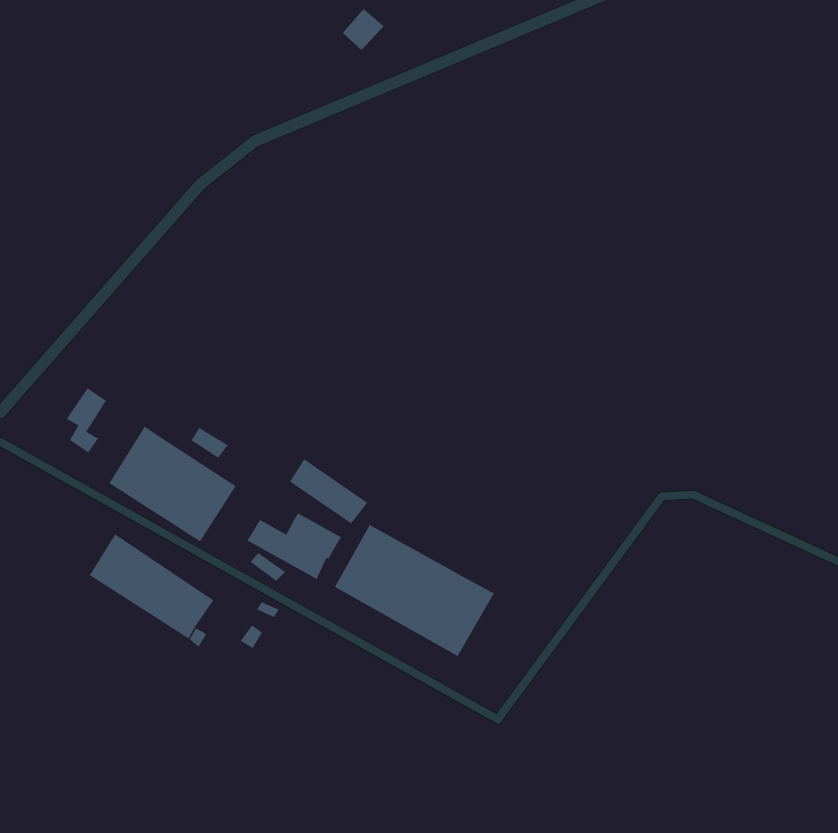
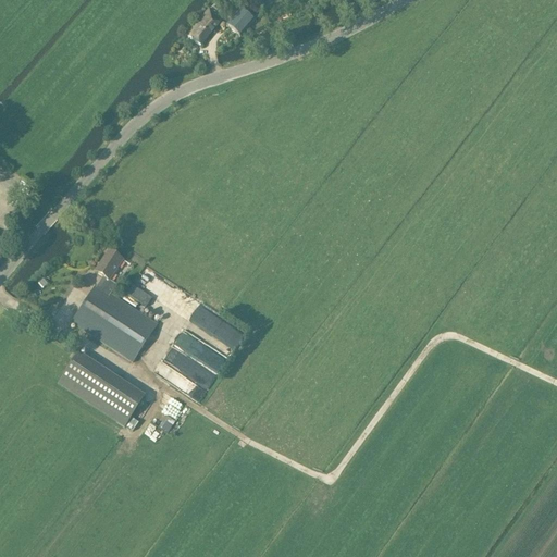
building: none -> [187,5,223,42]
building: [66,388,107,453] -> [96,248,123,292]
building: [334,524,495,657] -> none

